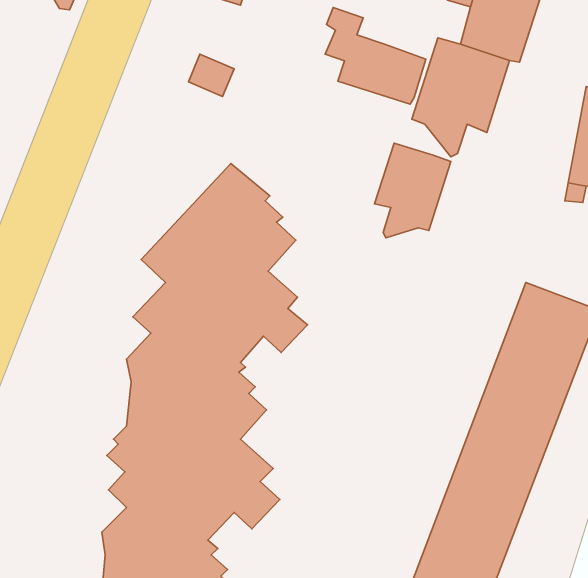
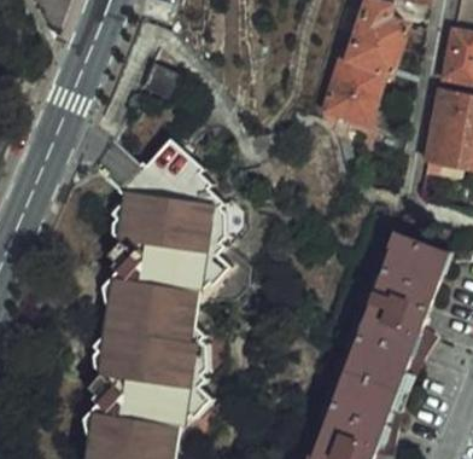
building: [325,7,426,104] -> none
building: [375,143,451,238] -> none

